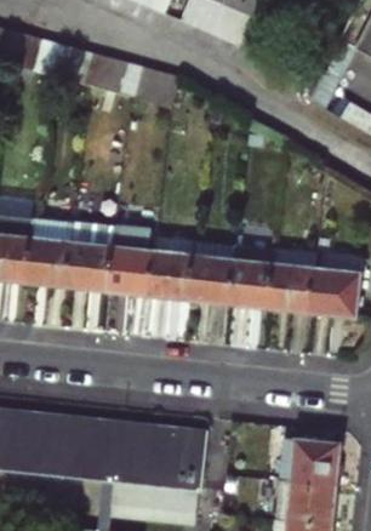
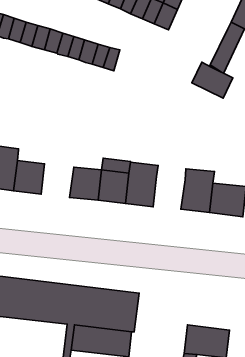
building: none -> [192,62,233,98]
building: [67,227,115,293] -> none
building: [229,247,276,310] -> none
building: [279,435,344,485] -> none

